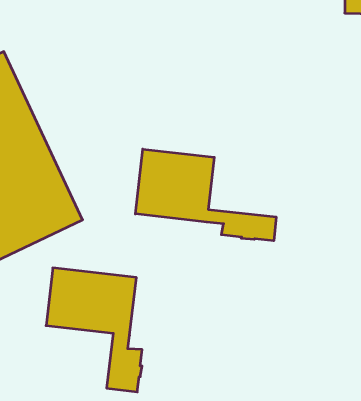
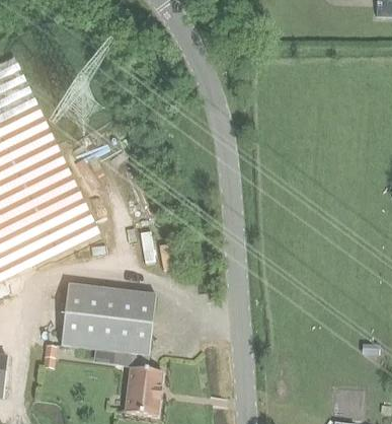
building: [135,149,276,241] -> none

